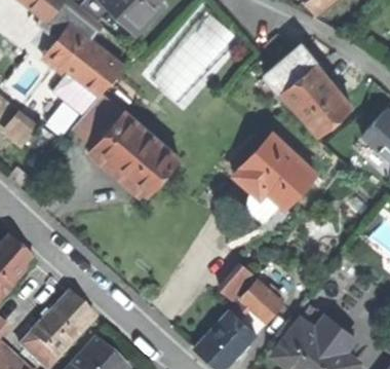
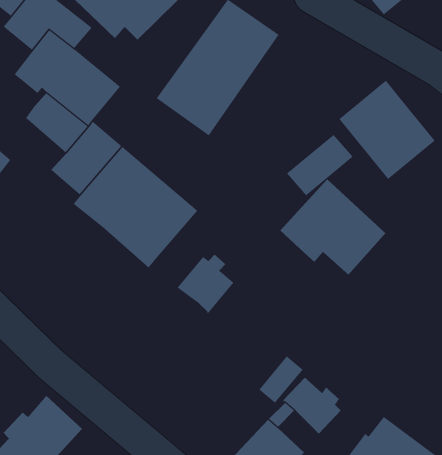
building: [267,45,316,90] -> [286,134,354,196]
building: none -> [177,254,234,314]

